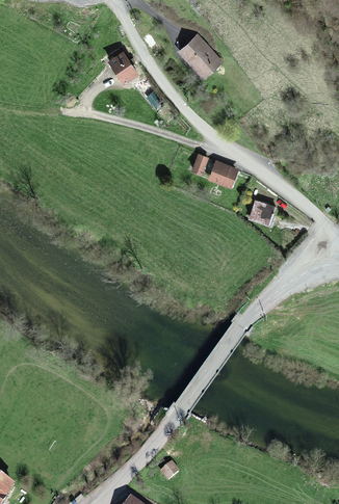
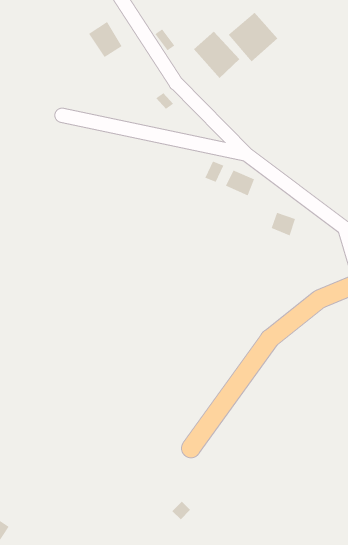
building: none -> [228,12,278,62]
building: [106,50,137,83] -> [88,21,122,58]

